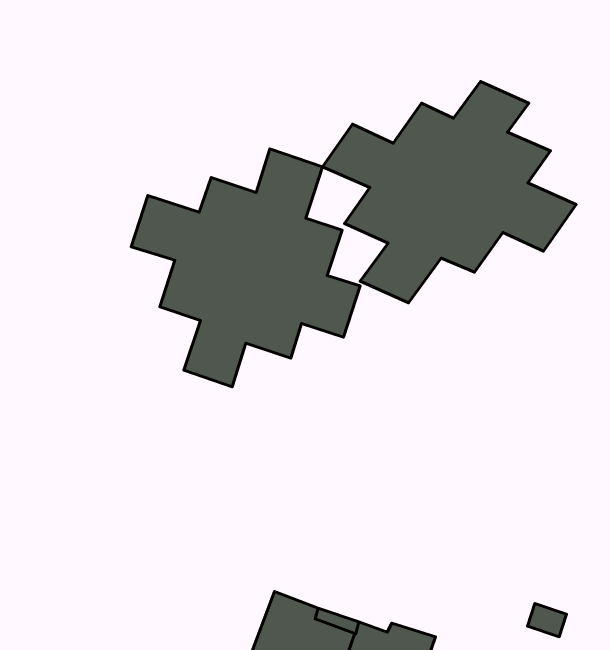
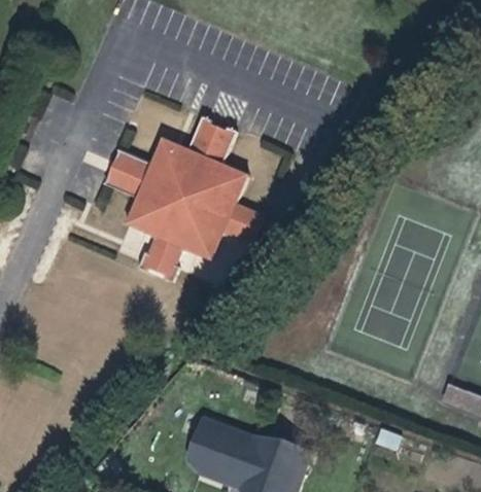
building: [323,81,576,303] -> none

